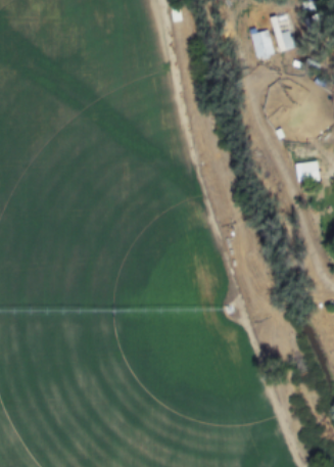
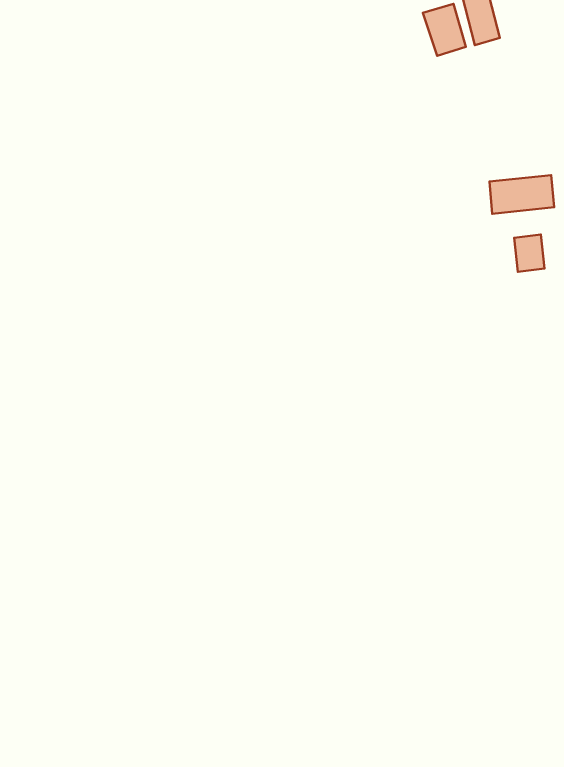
building: none -> [489,175,554,214]

